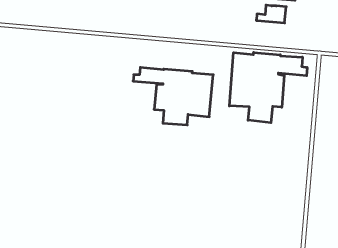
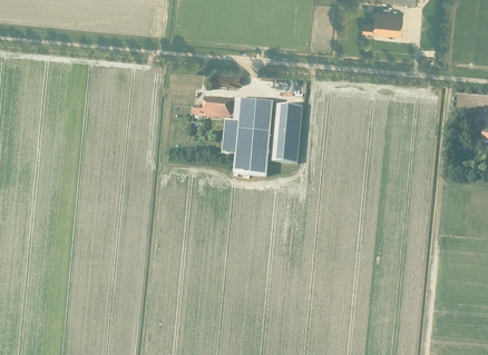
building: [229,52,307,123] -> none

